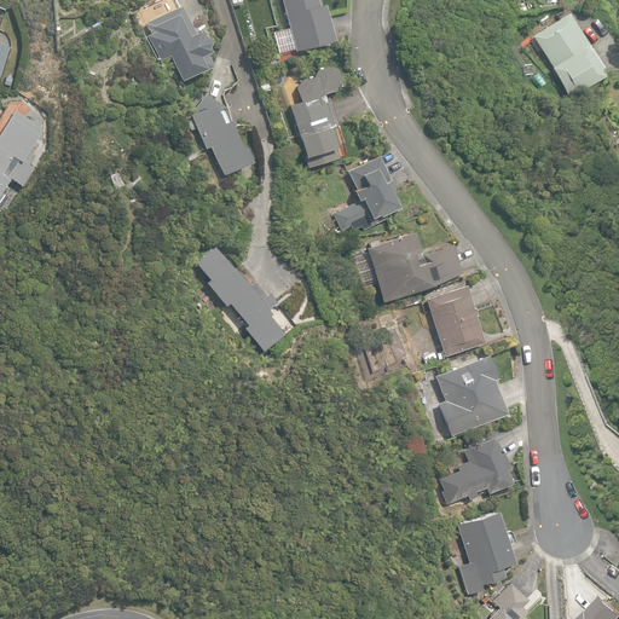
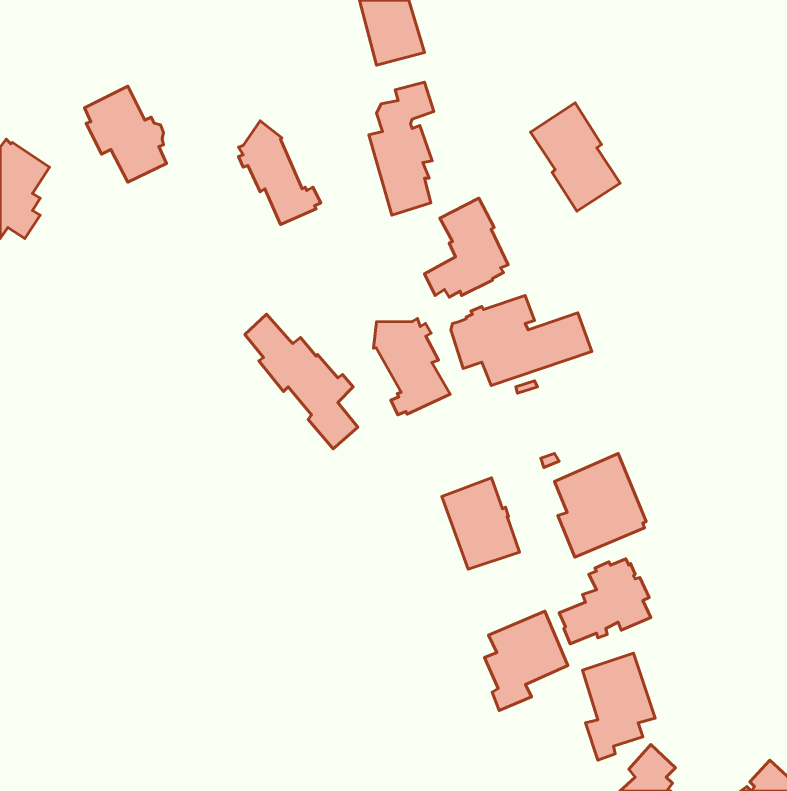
building: [146,7,210,82] -> [85,86,167,182]
building: [534,13,604,98] -> [530,103,620,211]
building: none -> [373,319,450,415]
building: [426,284,486,355] -> [442,478,519,569]
building: none -> [485,611,568,711]

